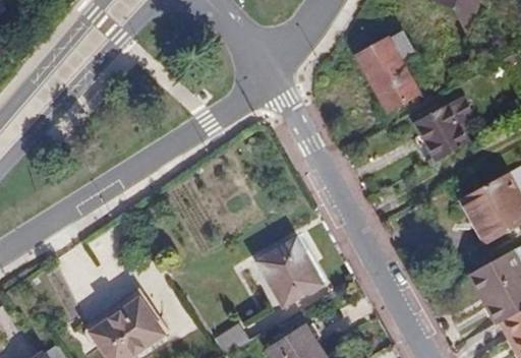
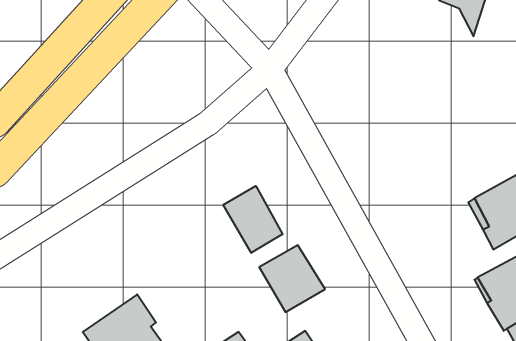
building: [357,31,419,110] -> none
building: [414,95,475,161] -> none
building: none -> [223,186,283,253]

